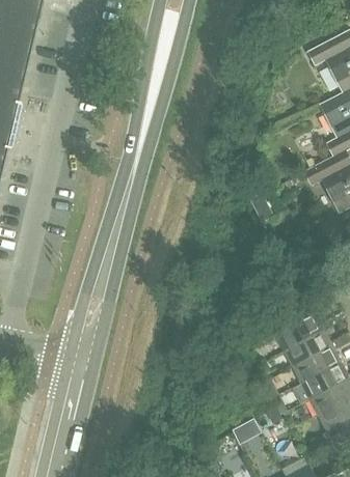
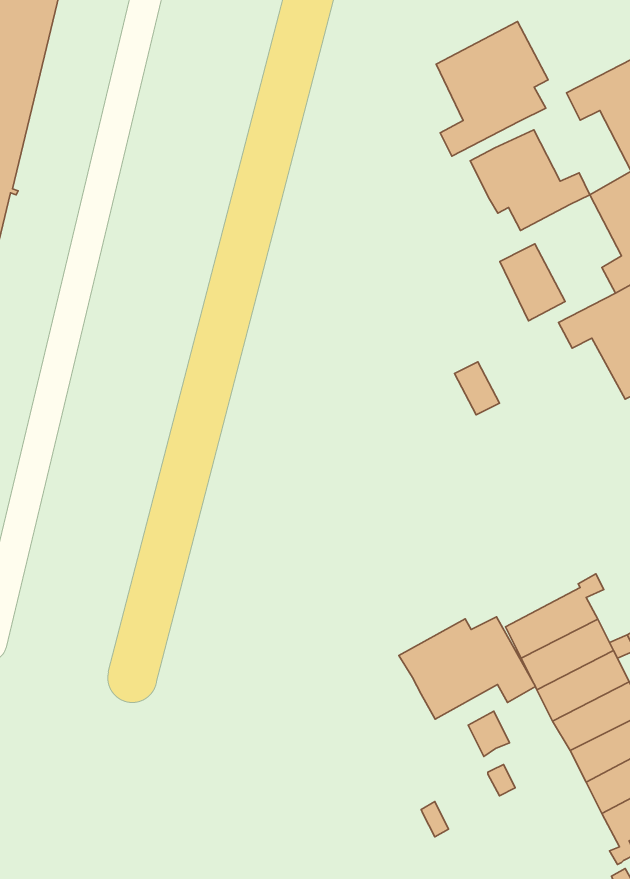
building: none -> [436,22,548,156]
building: none -> [470,130,590,230]
building: none -> [500,244,565,321]
building: none -> [399,617,535,719]

